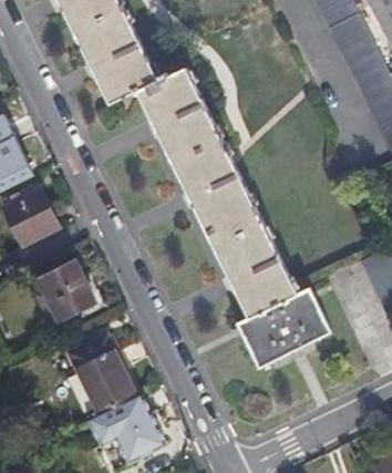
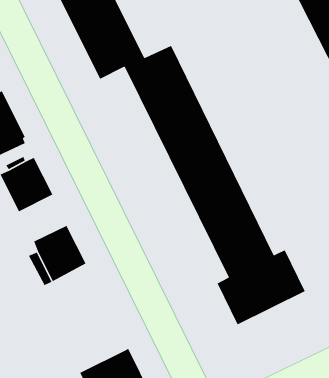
building: [65,332,136,419] -> none

